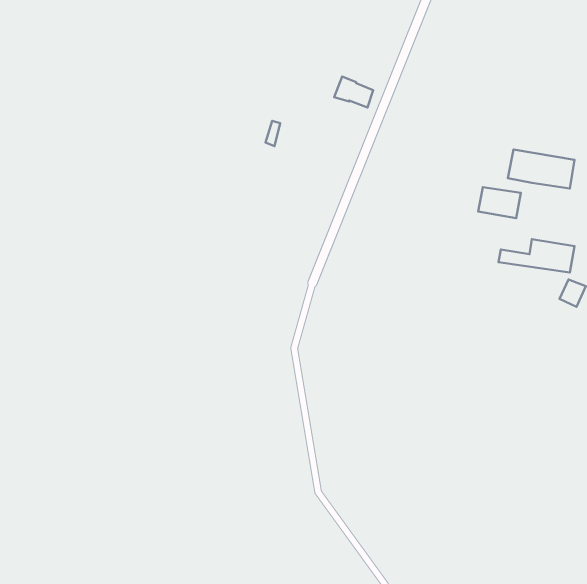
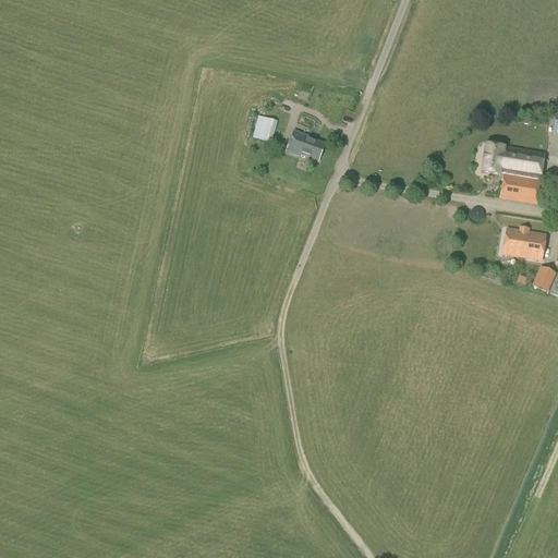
building: [334,76,373,107] -> [288,130,325,159]
building: [478,187,521,218] -> [500,173,541,203]

